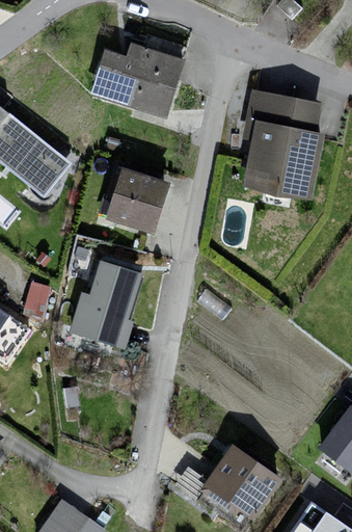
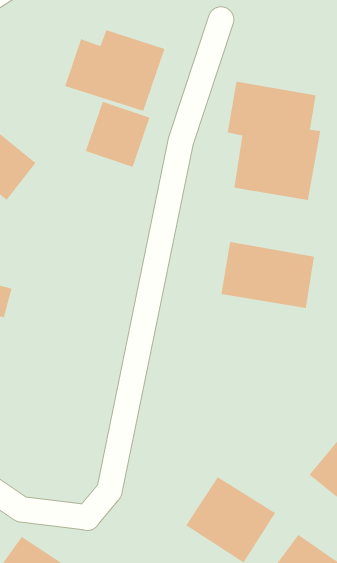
building: [110,170,169,231] -> [85,101,151,168]
building: none -> [221,241,315,309]
building: [70,263,140,343] -> none

